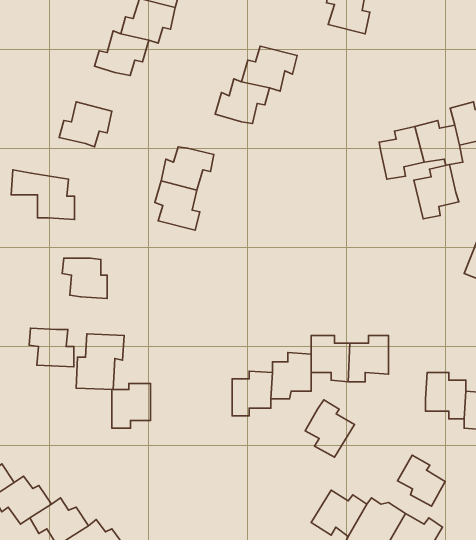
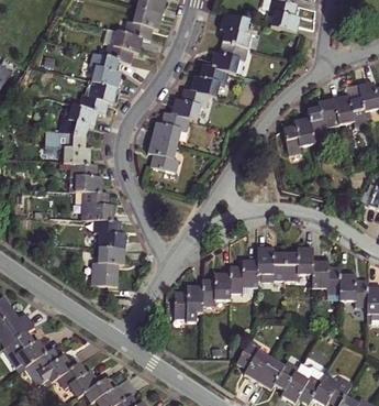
building: none -> [219,14,250,48]
building: none -> [89,54,120,88]
building: none -> [169,89,208,121]
building: none -> [58,105,97,136]
building: [414,165,459,219] -> [281,117,313,155]
building: none -> [68,164,101,193]
building: [29,328,74,367] -> [92,220,124,248]
building: none -> [311,261,339,293]
building: [112,383,151,428] -> [174,286,201,318]
building: [305,400,355,457] -> [236,340,271,381]
building: [397,455,445,506] -> none

